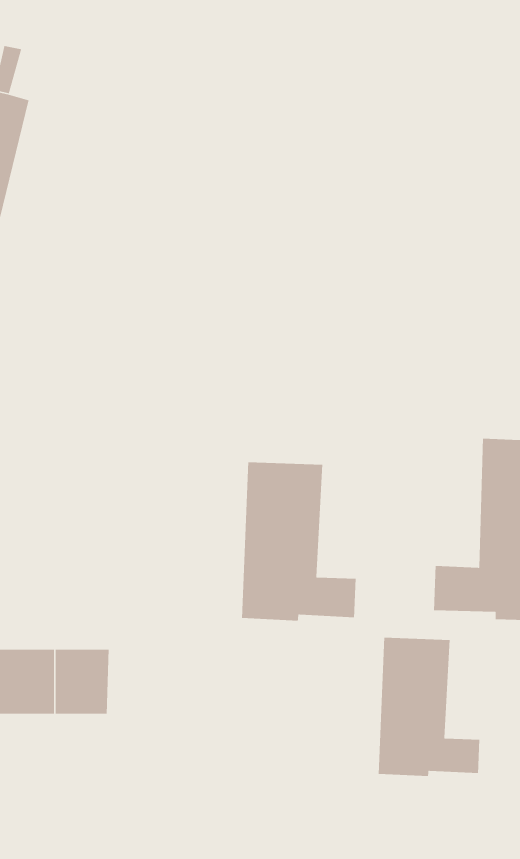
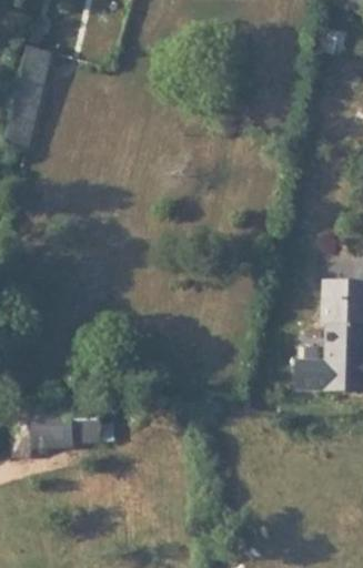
building: [241,461,356,622] -> none
building: [378,637,480,777] -> none

